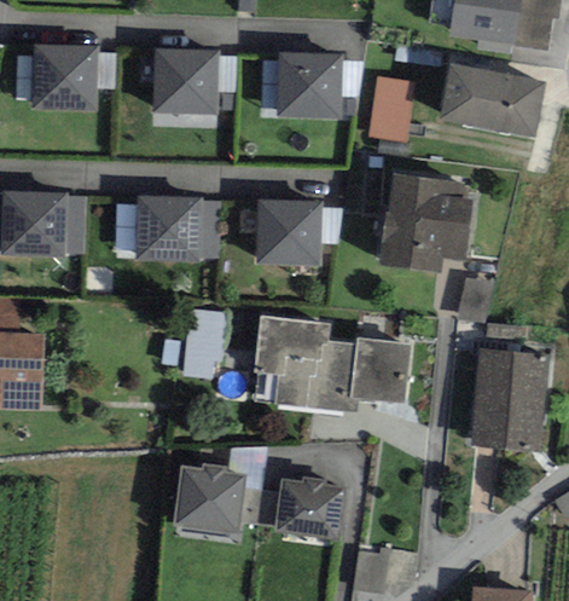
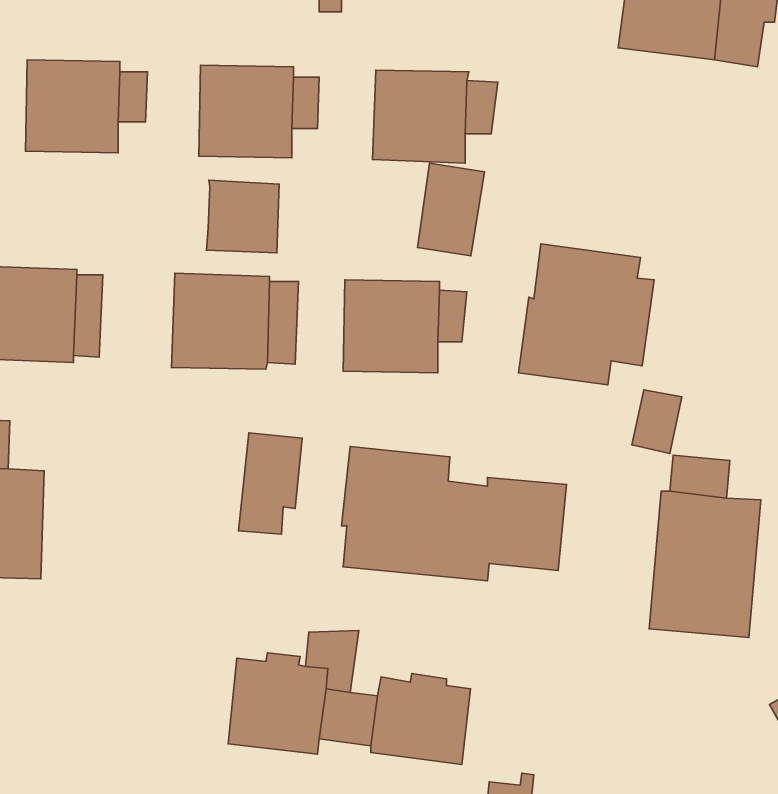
building: [436,63,544,139] -> none
building: [367,76,414,141] -> [418,163,485,256]
building: none -> [206,180,279,253]

